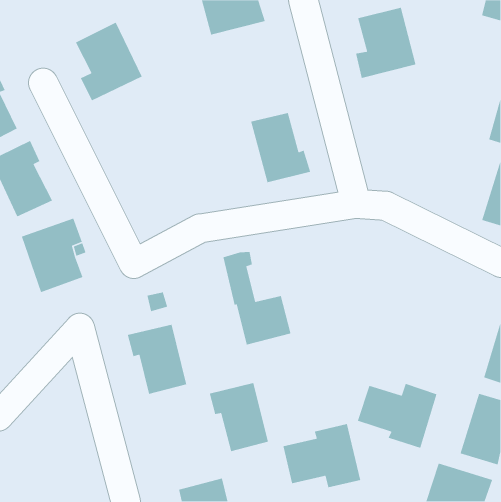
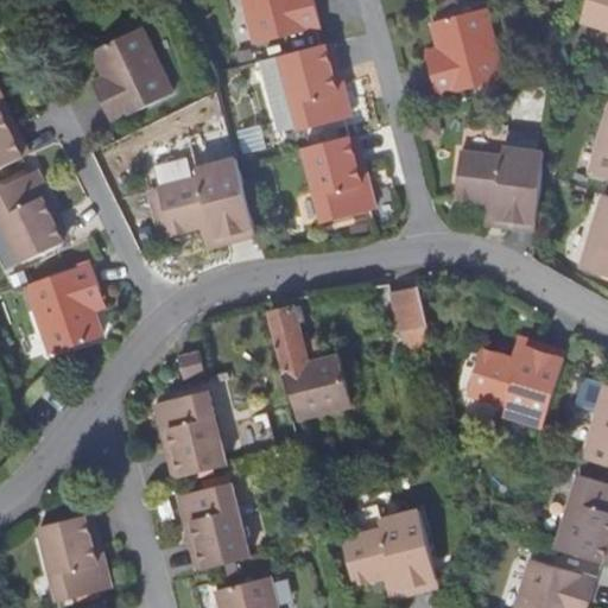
building: none -> [260,43,352,131]
building: none -> [454,147,544,222]
building: none -> [140,163,239,242]
building: none -> [392,281,435,347]
building: [209,382,269,452] -> [177,483,249,568]
building: [357,383,438,449] -> [466,347,563,426]
building: none -> [38,514,109,601]

